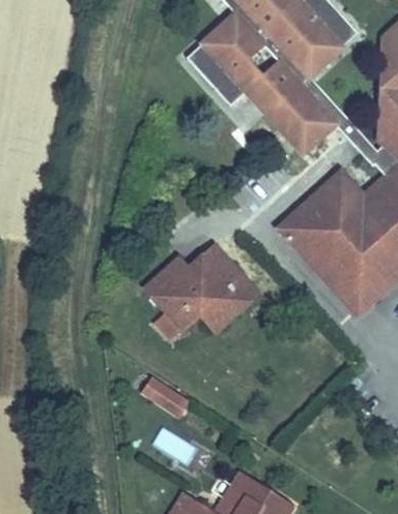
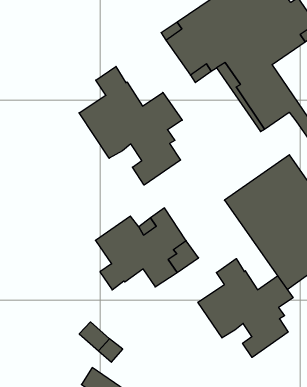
building: none -> [79,66,182,185]
building: none -> [198,259,293,357]

